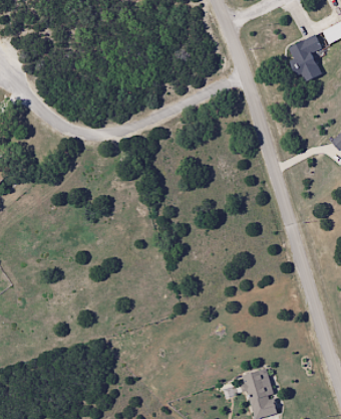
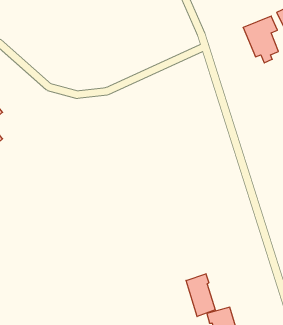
building: none -> [186,274,215,317]

